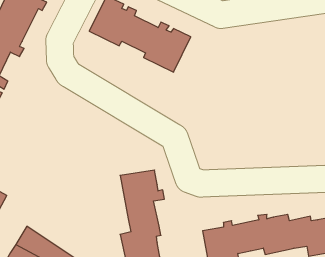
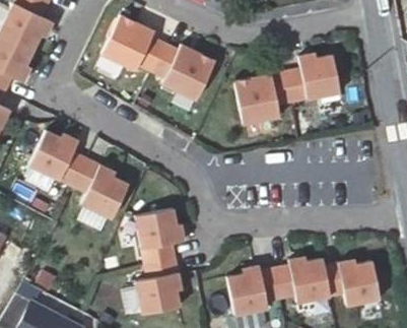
building: none -> [233,54,338,124]
building: none -> [27,129,127,217]

